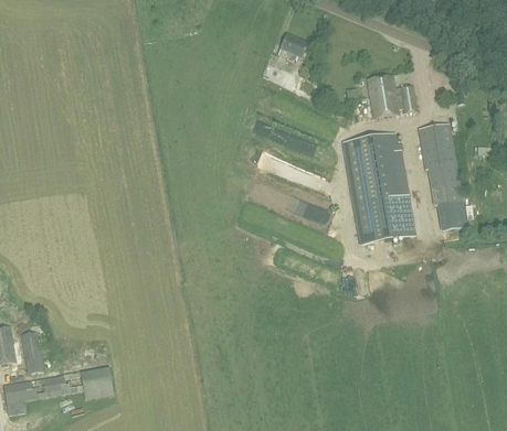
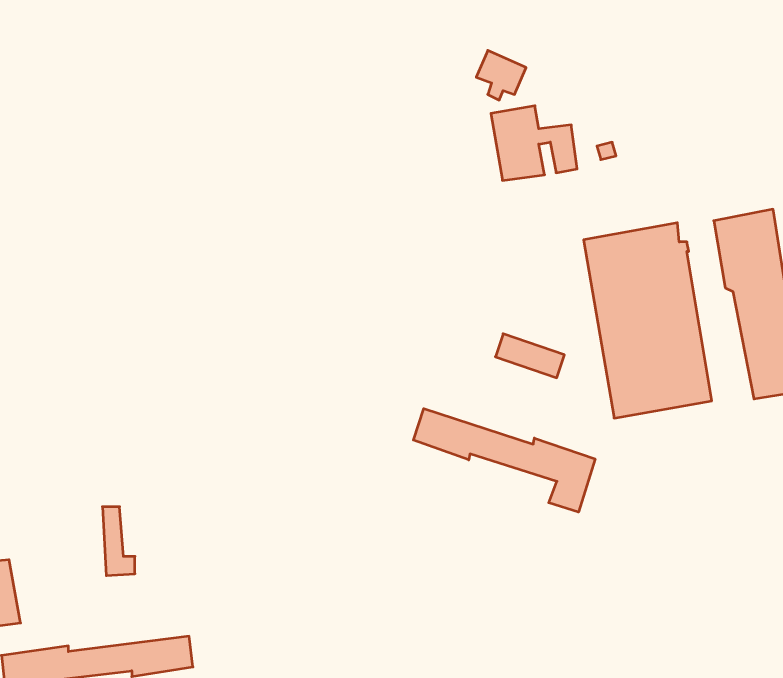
building: [366,74,415,117] -> [491,106,577,180]
building: none -> [413,409,595,512]
building: [25,328,44,368] -> [102,507,135,576]

